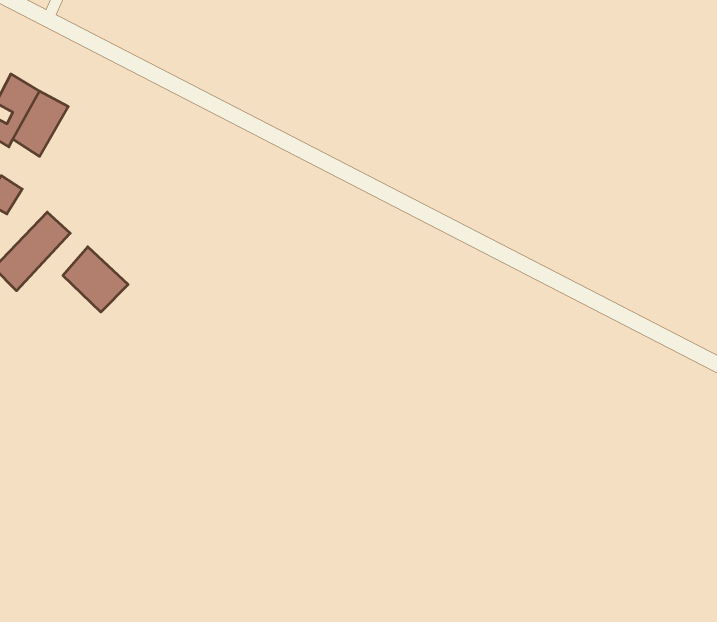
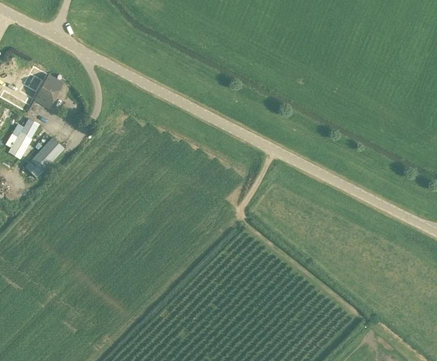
building: [63,247,128,312] -> none

